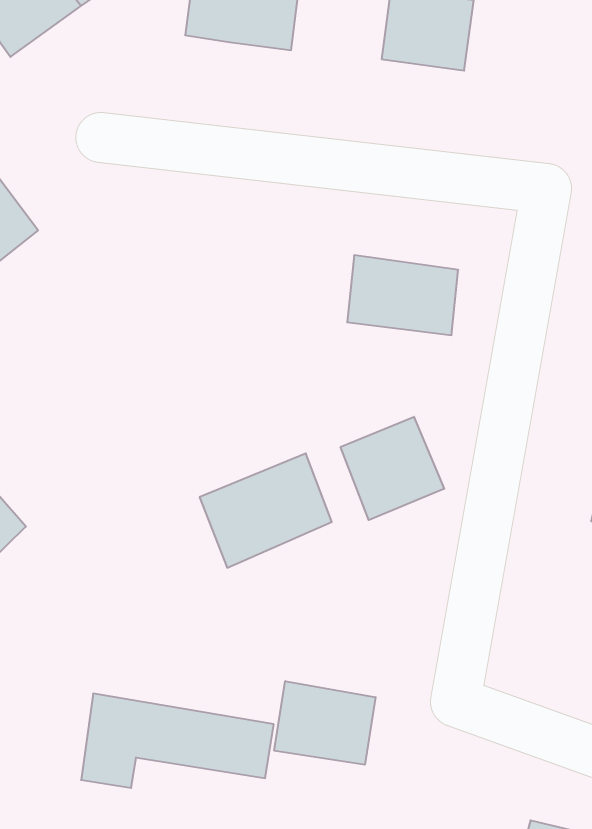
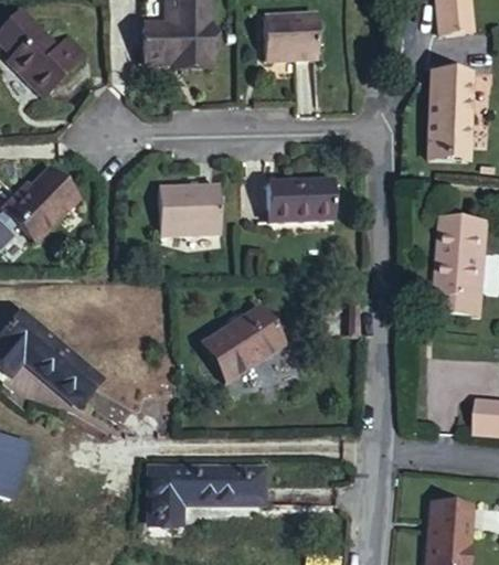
building: none -> [159,184,221,234]
building: [341,417,444,520] -> none
building: [274,681,376,765] -> none

